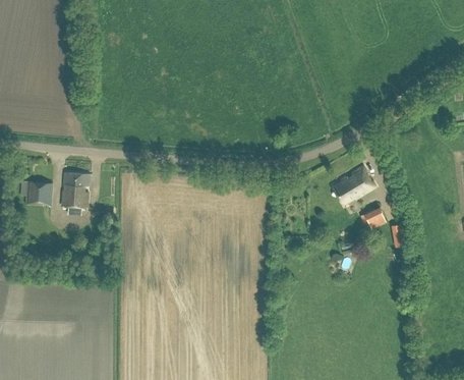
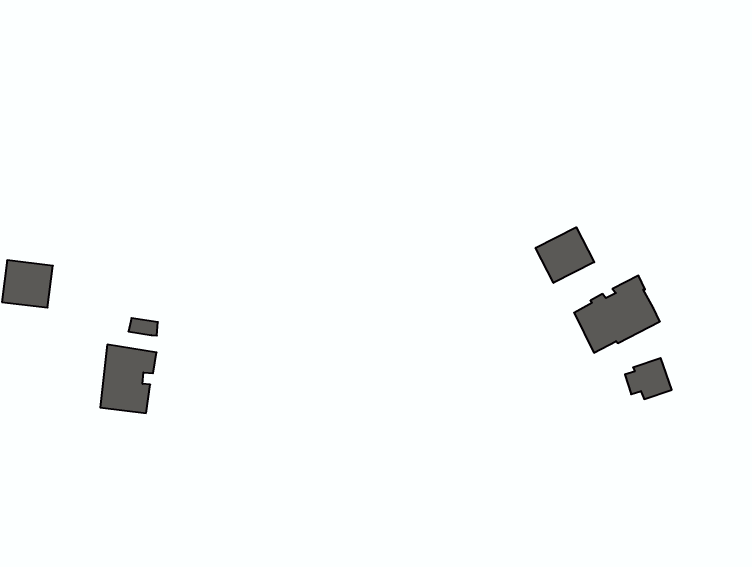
building: none -> [536,227,594,283]
building: [62,171,90,206] -> [100,345,157,413]

